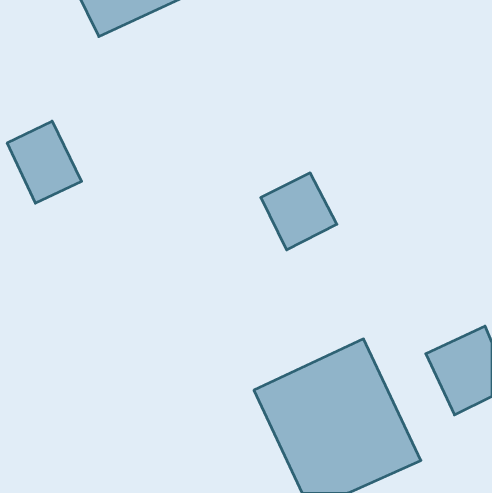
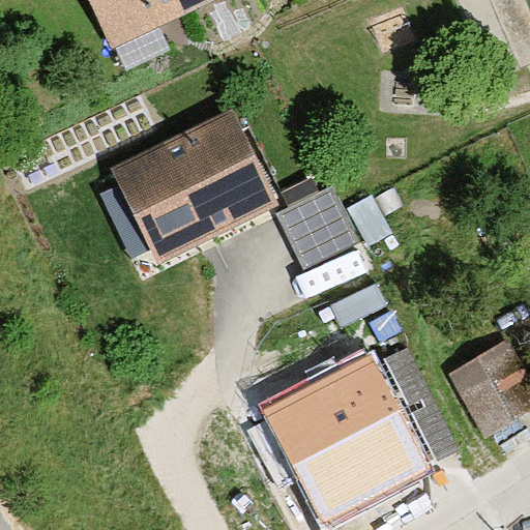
building: none -> [102,106,277,261]
building: [7,121,82,203] -> none

